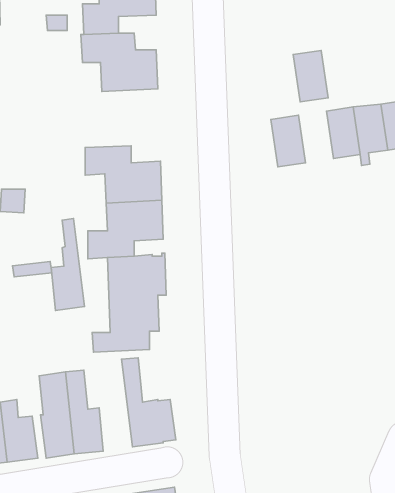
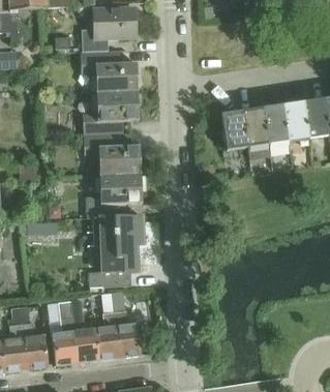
building: [293,50,328,102] -> [241,108,267,146]
building: none -> [82,91,138,134]
building: [51,219,85,311] -> [93,292,118,360]

